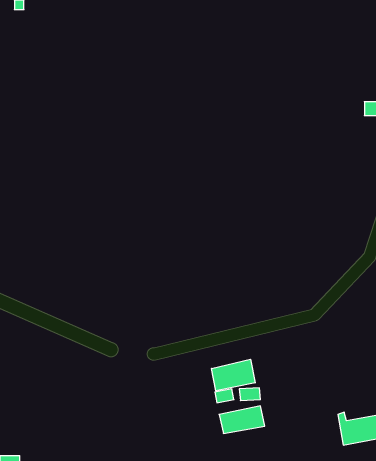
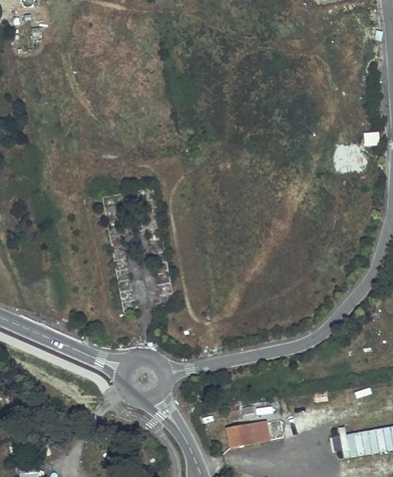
building: [212,359,255,391] -> none

